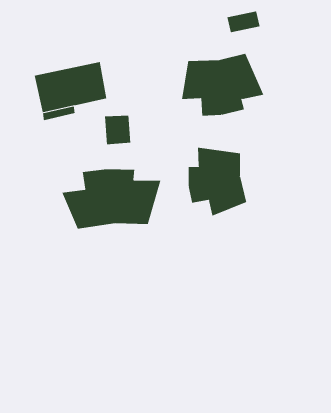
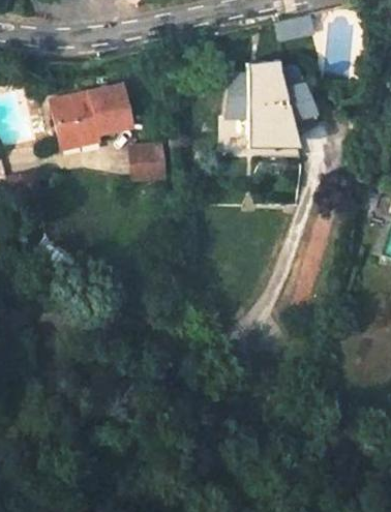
building: [188,147,247,217] -> none
building: [62,168,161,229] -> none

